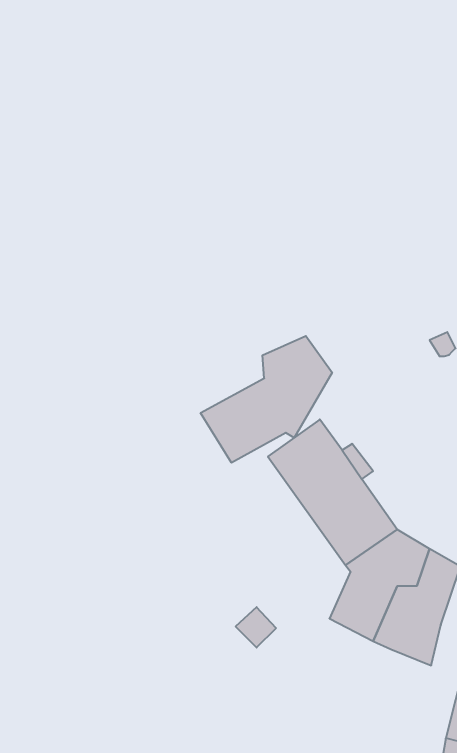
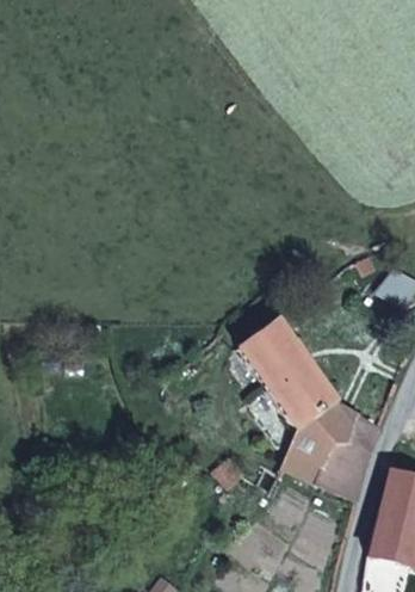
building: [201,336,332,463] -> none

